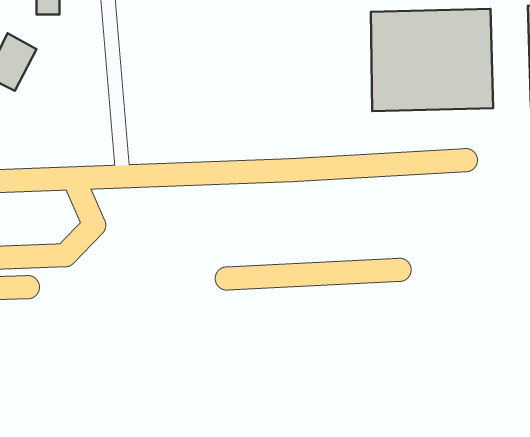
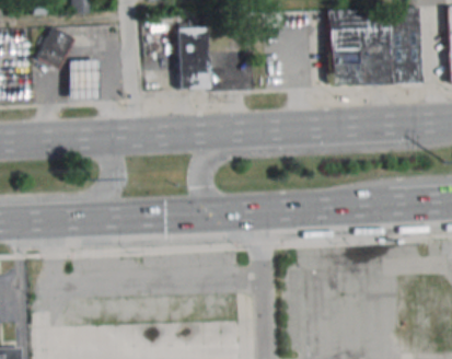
building: none -> [177,26,208,89]
building: none -> [66,60,97,99]

